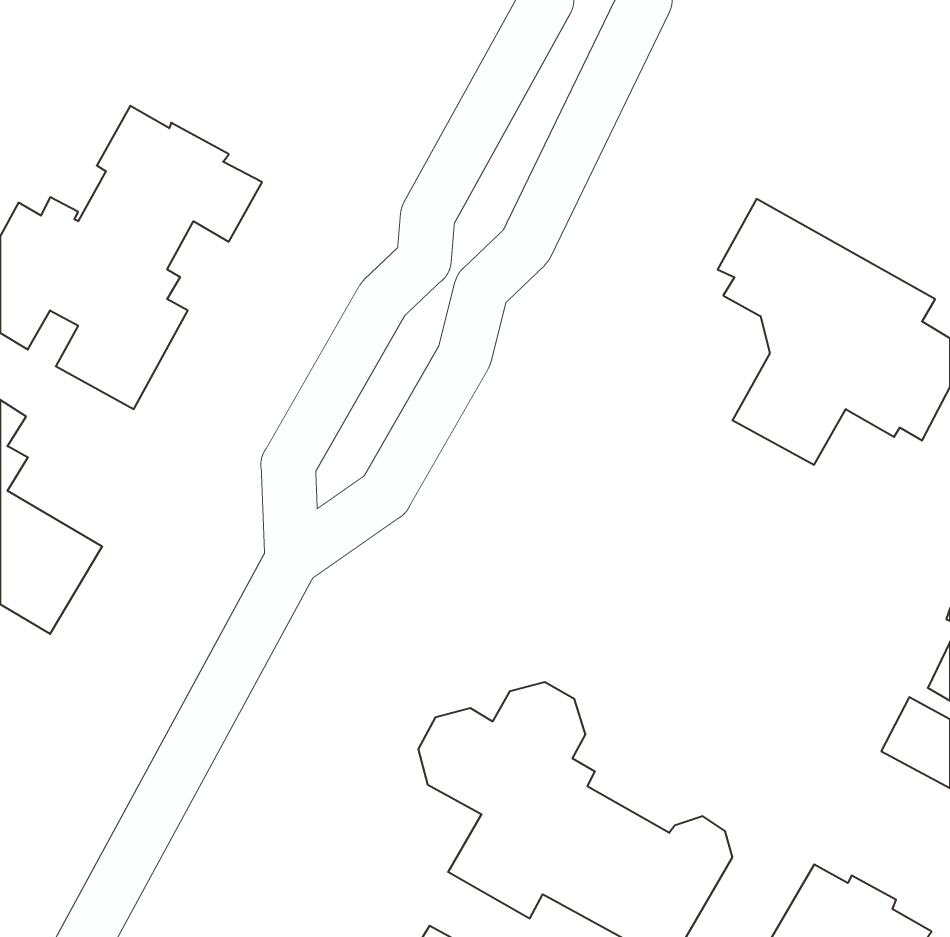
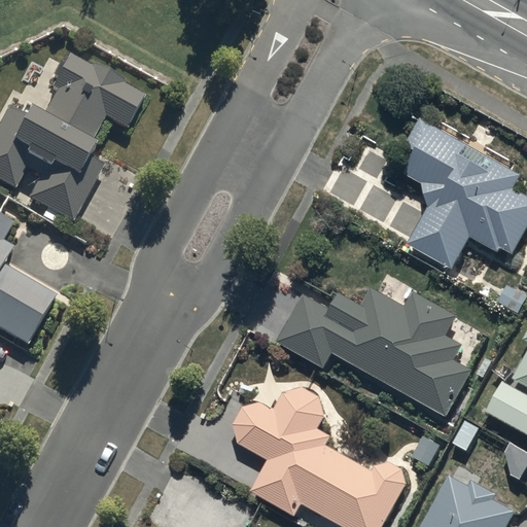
building: none -> [274,284,470,415]

